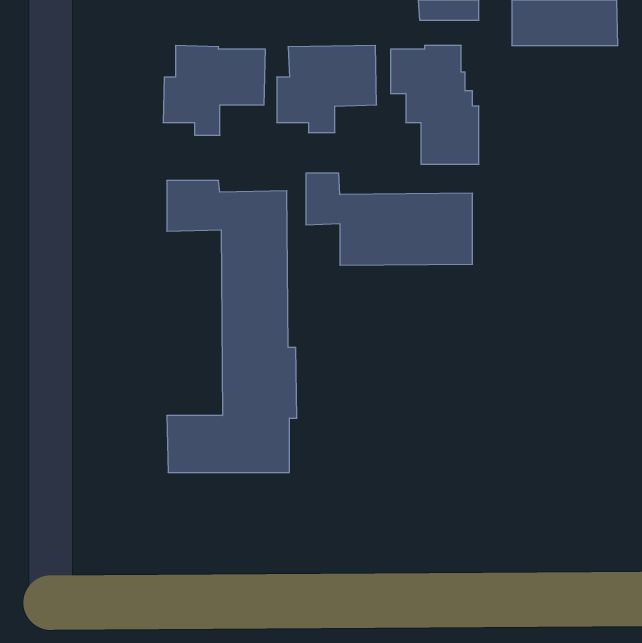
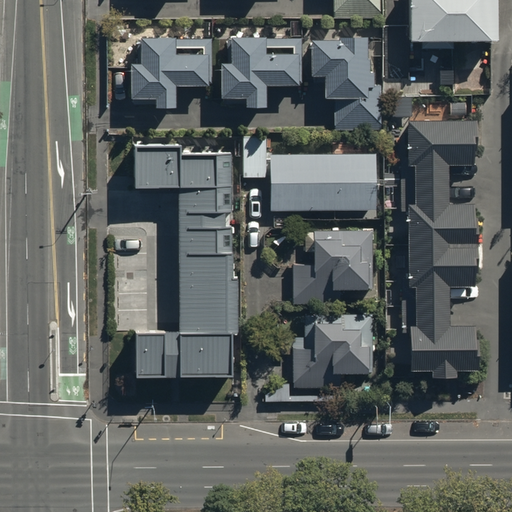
building: none -> [401,119,474,376]
building: none -> [294,232,374,305]
building: none -> [268,314,376,403]

